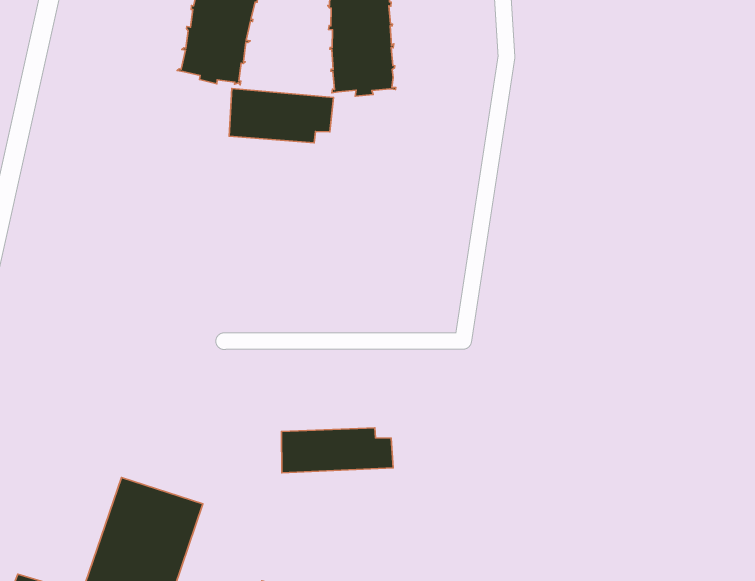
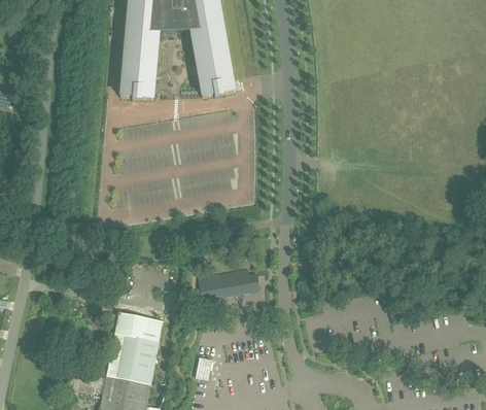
building: [229,89,333,143] -> none

